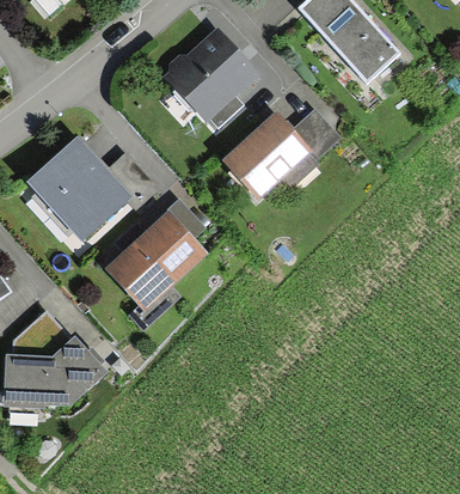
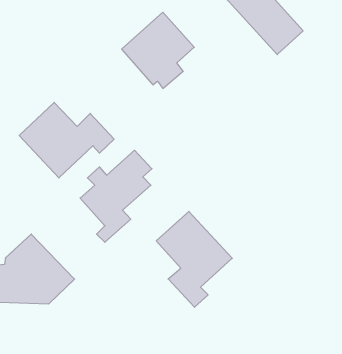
building: [222,106,339,197] -> none
building: none -> [156,211,232,307]

